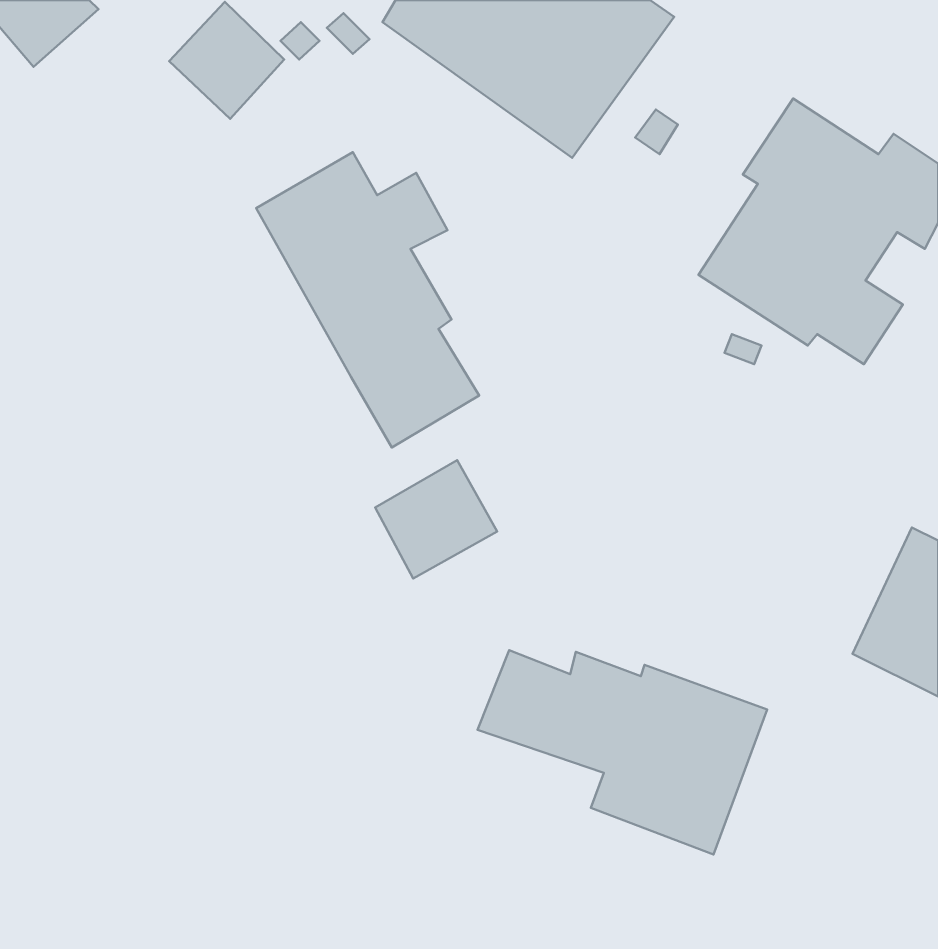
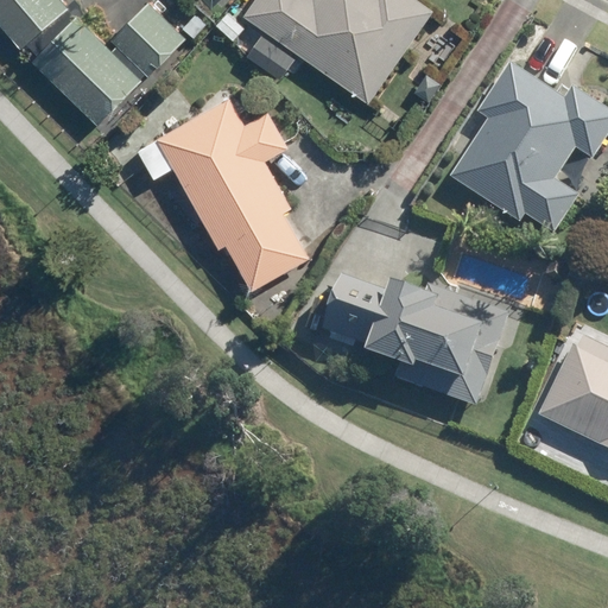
building: none -> [31,8,137,116]
building: [375,460,497,579] -> none
building: [477,650,767,854] -> [324,277,509,407]

